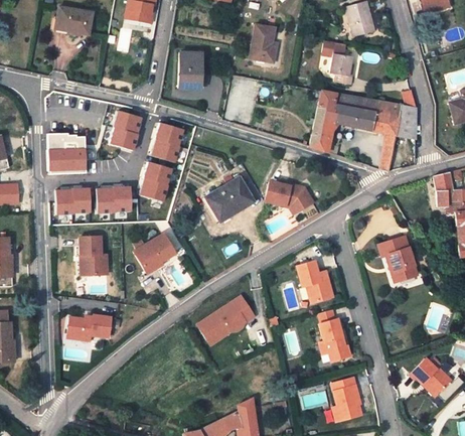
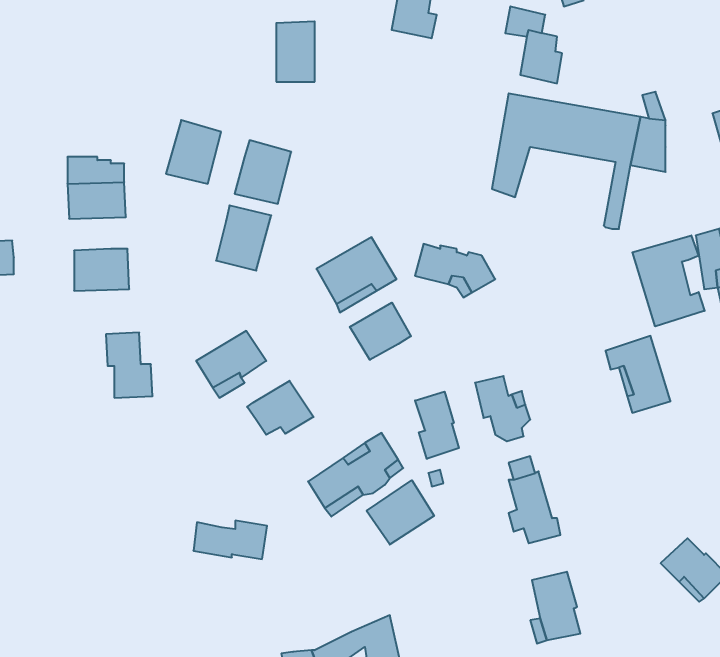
building: none -> [632,235,705,326]
building: [100,183,133,208] -> none
building: none -> [350,303,411,360]
building: none -> [247,381,314,435]
building: none -> [415,392,459,459]
building: [65,315,110,338] -> [193,521,267,559]
building: none -> [367,480,434,545]

